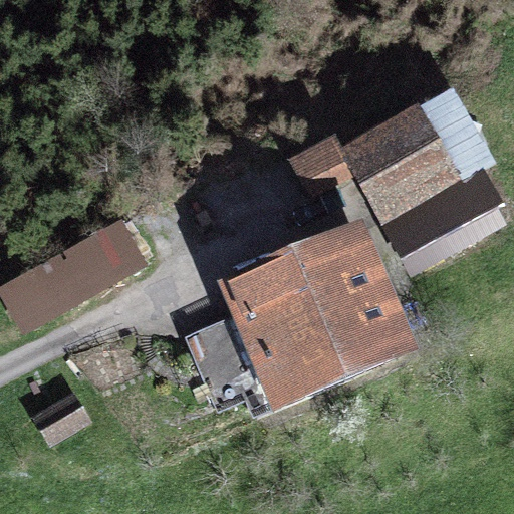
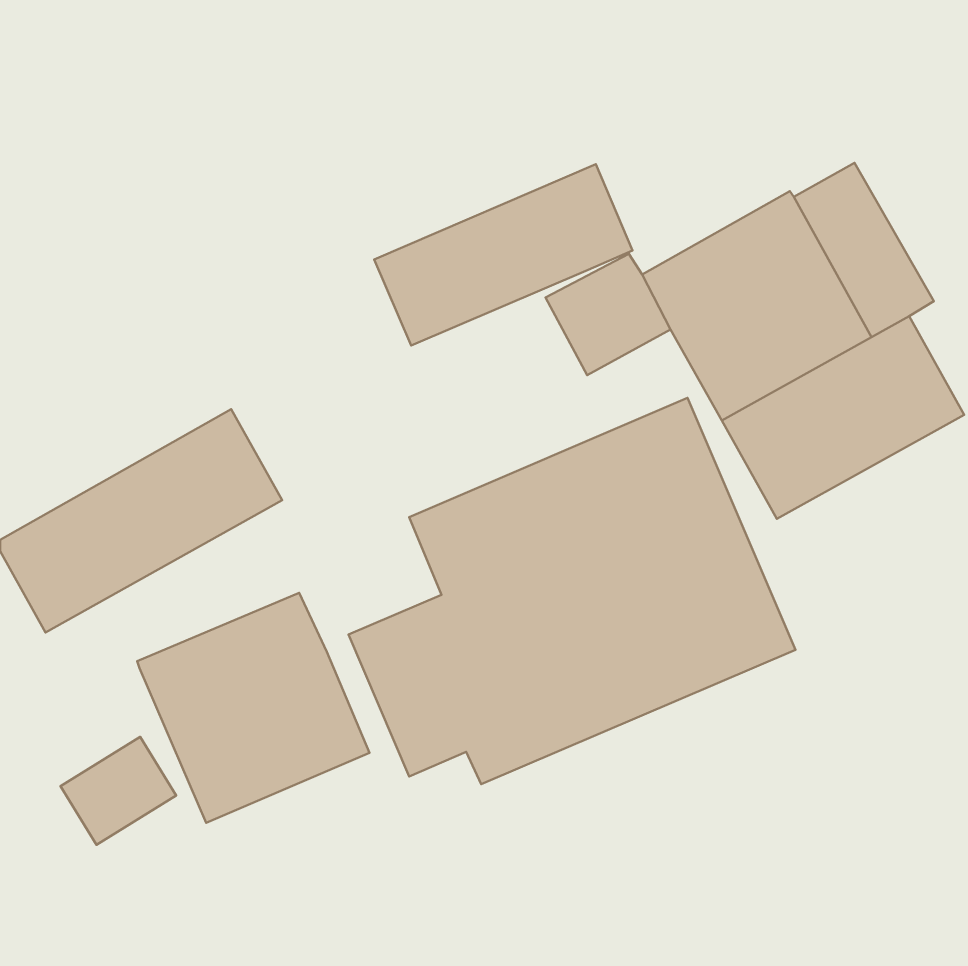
building: none -> [374,164,633,346]
building: none -> [137,593,370,823]

